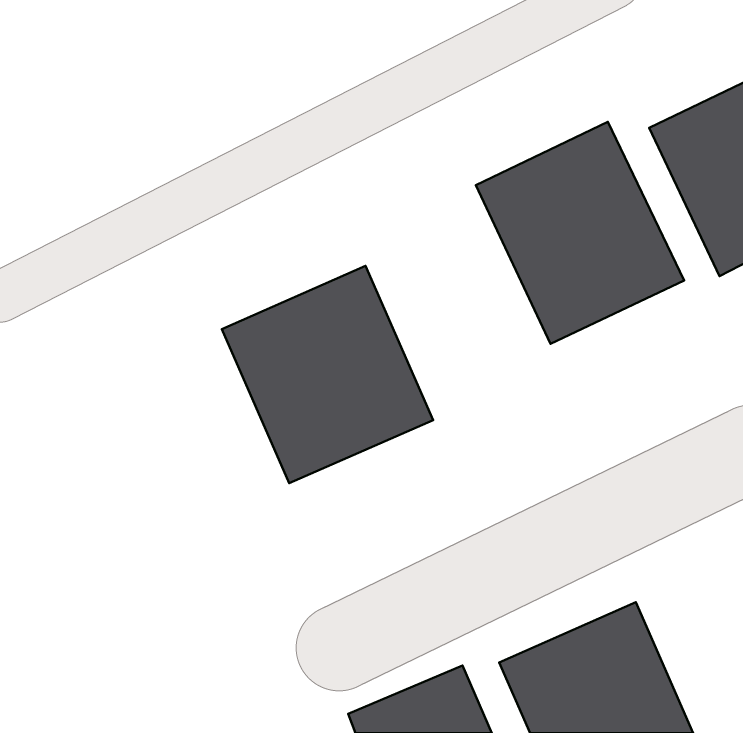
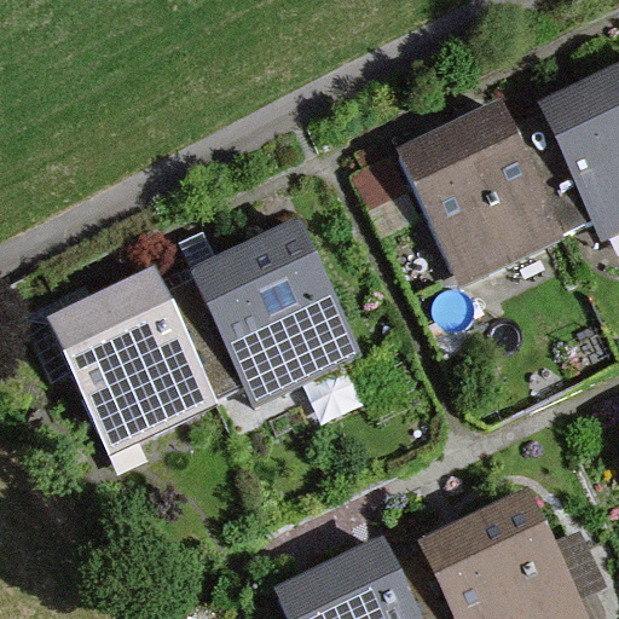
building: none -> [50,274,214,452]

